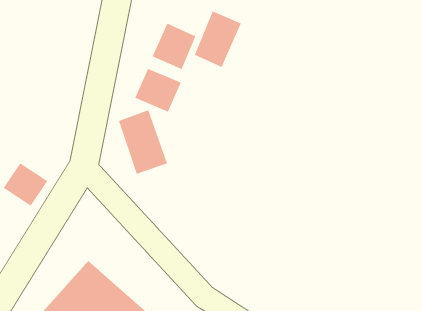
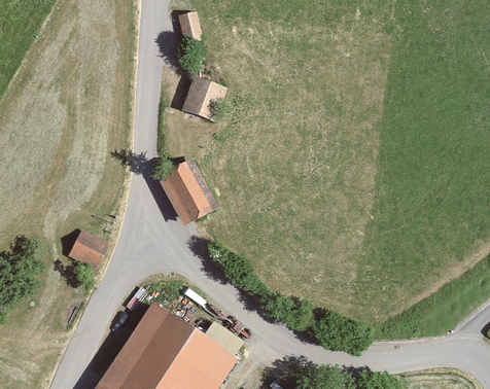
building: [194,11,241,68] -> none
building: [135,68,182,113] -> none

